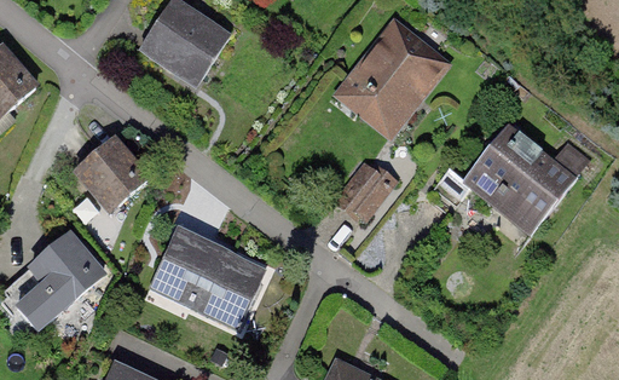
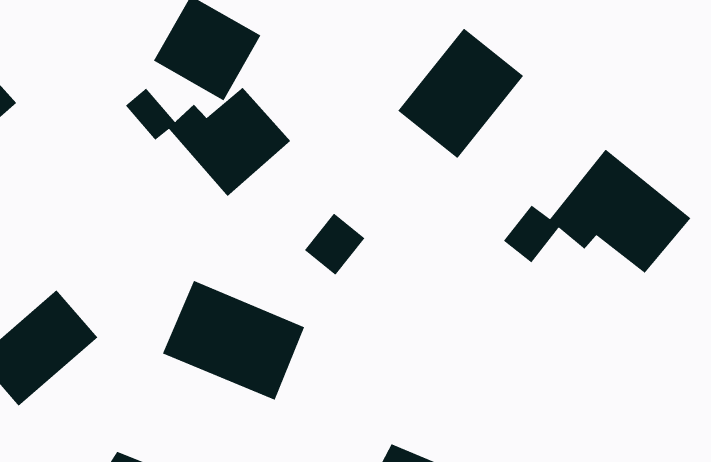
building: none -> [125,87,291,197]
building: [74,139,145,211] -> none
building: [337,167,387,218] -> [304,213,366,276]

